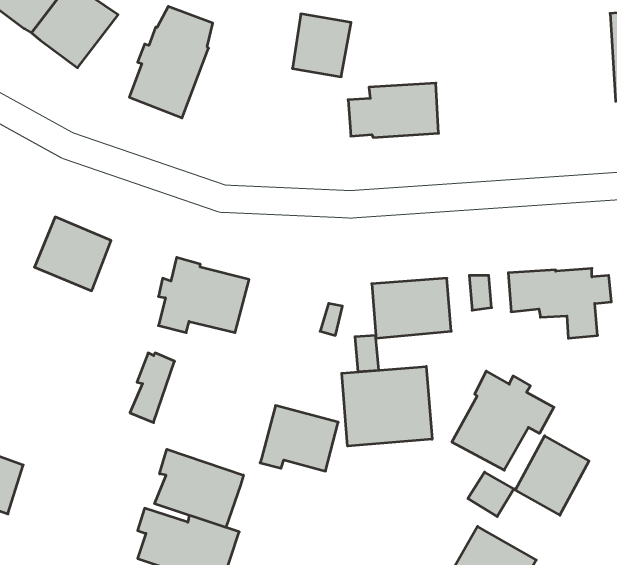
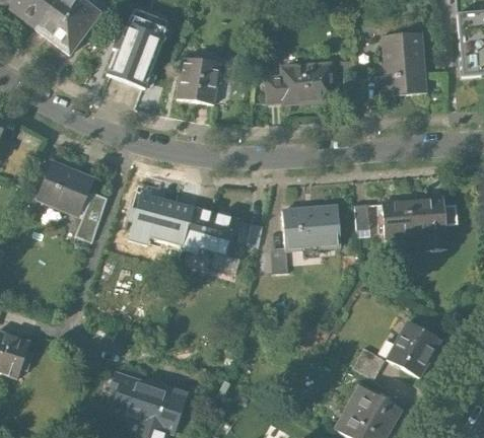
building: [292,14,351,77] -> [178,57,220,102]
building: none -> [382,32,426,96]
building: [130,353,175,423] -> [75,192,108,242]
building: [342,366,432,446] -> none
building: [452,371,554,470] -> none
building: [260,406,338,471] -> [183,207,239,254]
building: [155,449,243,527] -> none

